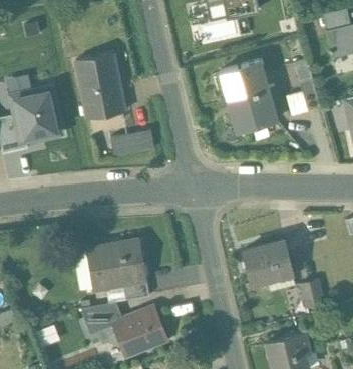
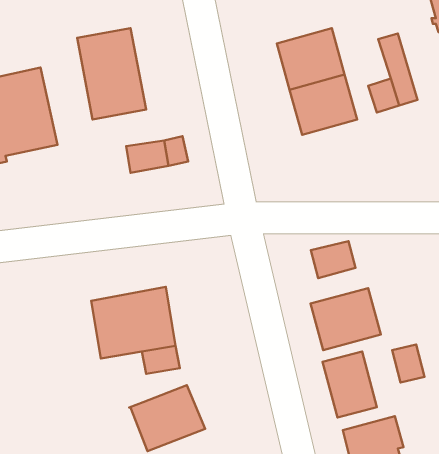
building: none -> [311,241,355,278]
building: none -> [322,352,377,418]
building: [81,302,123,335] -> none

